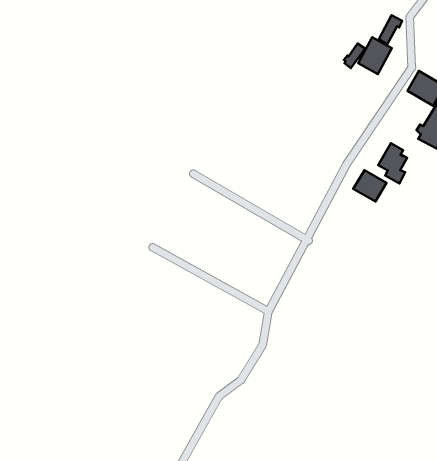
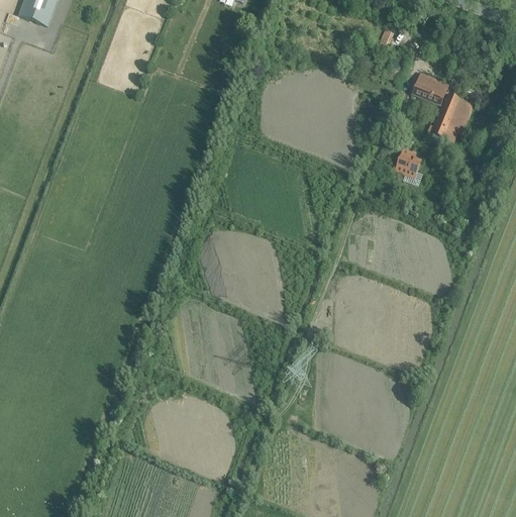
building: [358,37,392,74] -> none
building: [353,170,386,201] -> none

